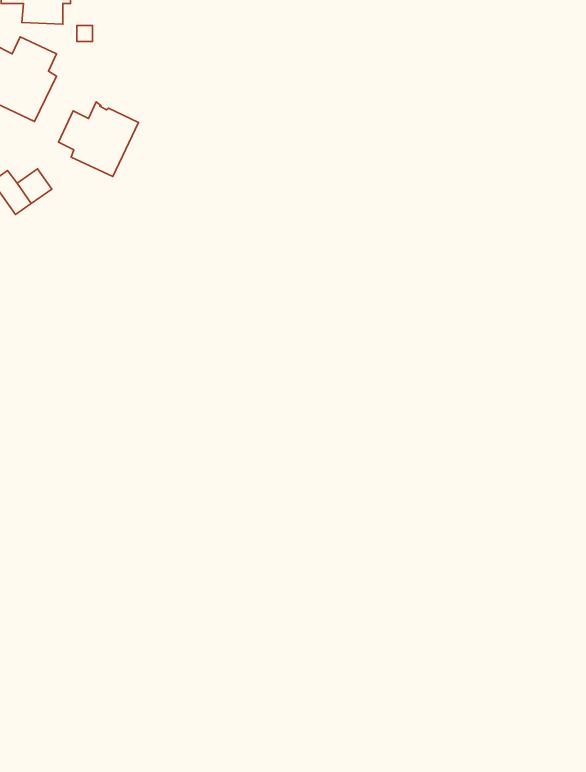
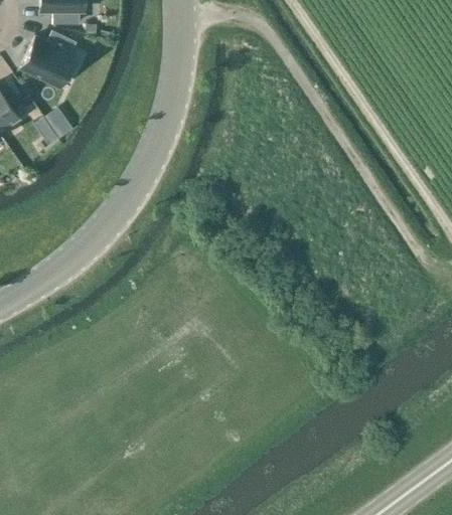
building: [58,102,138,177] -> none

